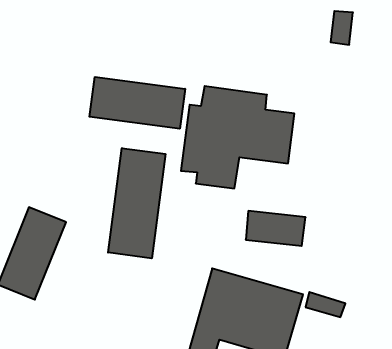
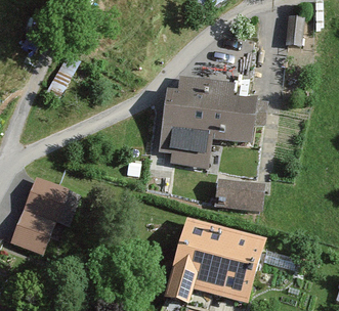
building: [89,77,185,129] -> none
building: [108,148,165,258] -> none

